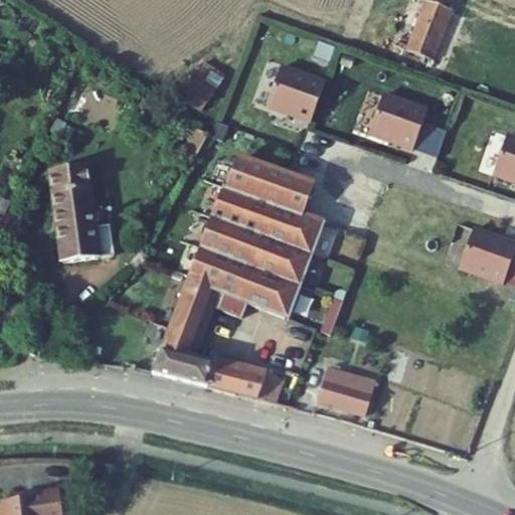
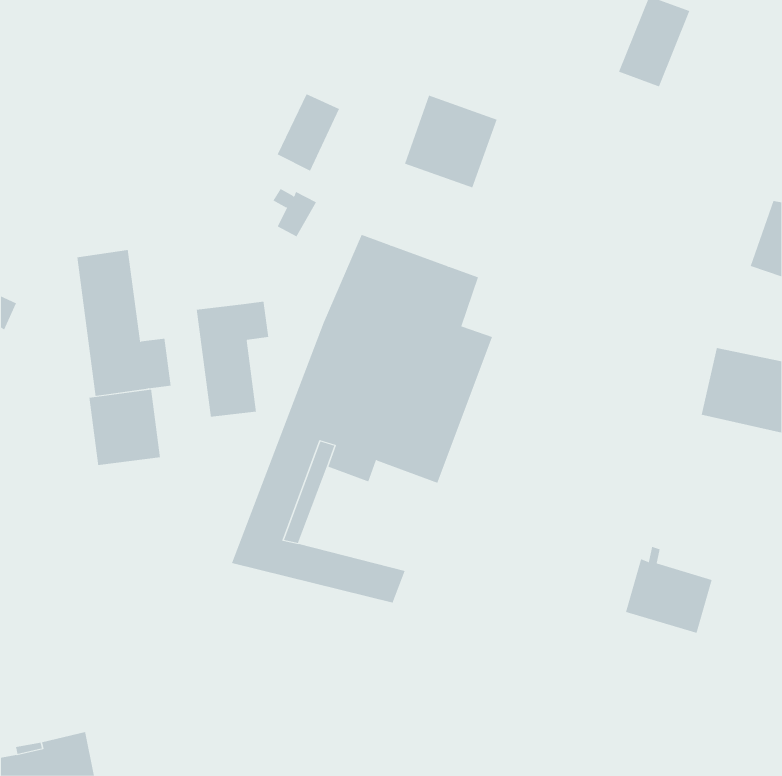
building: [368,91,448,158] -> none
building: none -> [196,301,269,418]
building: none -> [89,389,160,466]
building: [318,358,375,415] -> [625,546,713,633]

